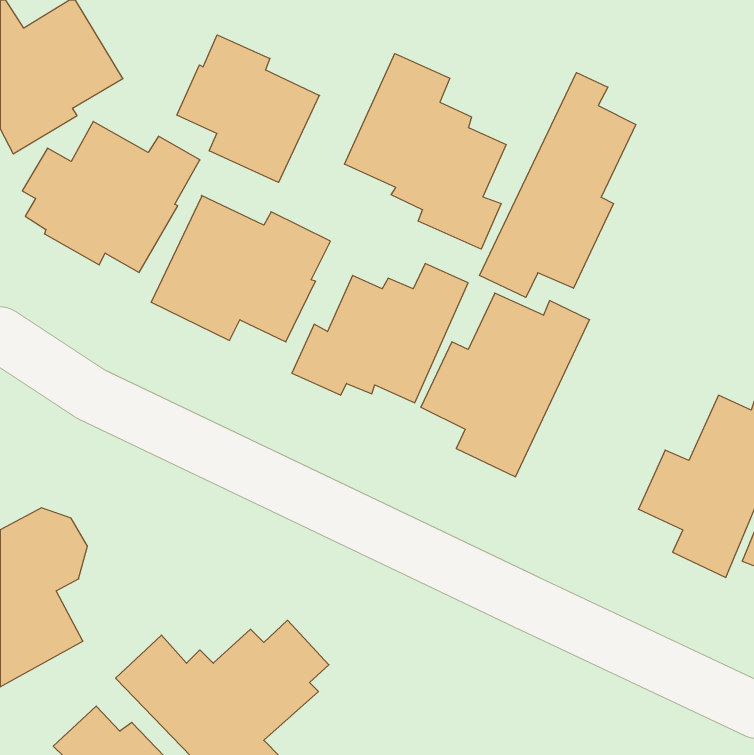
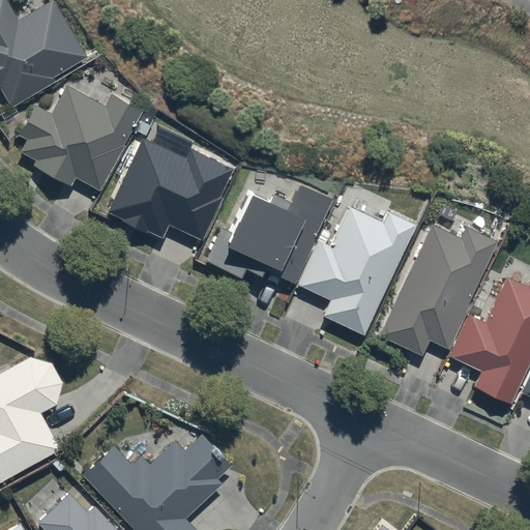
building: [177,35,320,182] -> none
building: [345,54,506,249] -> none
building: [479,73,636,297] -> none
building: none -> [378,224,497,356]

